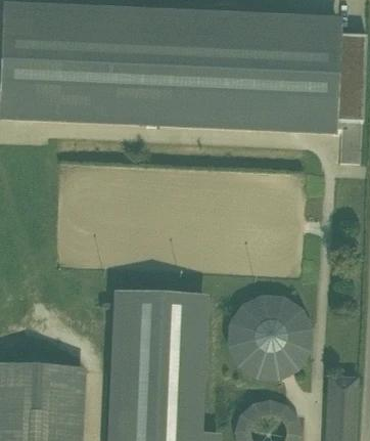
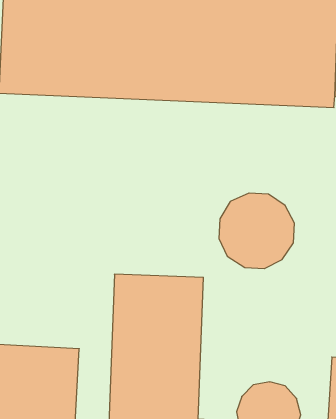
building: [232,300,307,374] -> [219,193,294,269]

